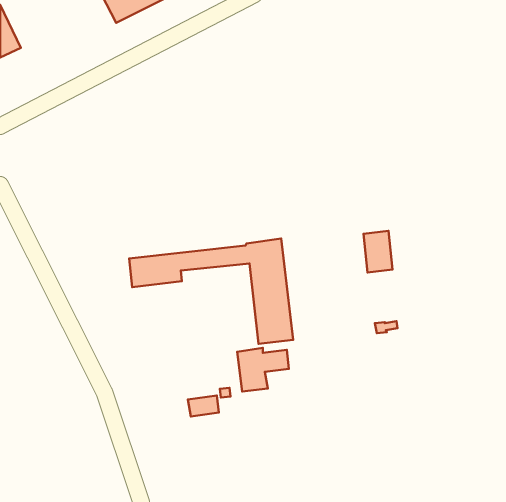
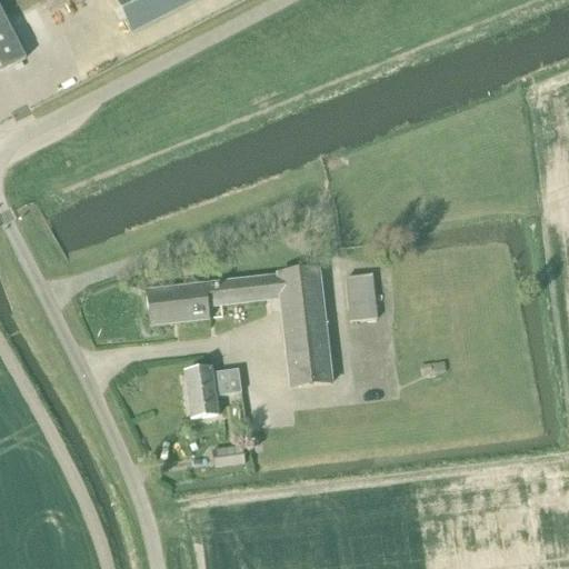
building: [364,231,392,272] -> [347,272,379,319]
building: [237,348,289,392] -> [183,366,241,415]

